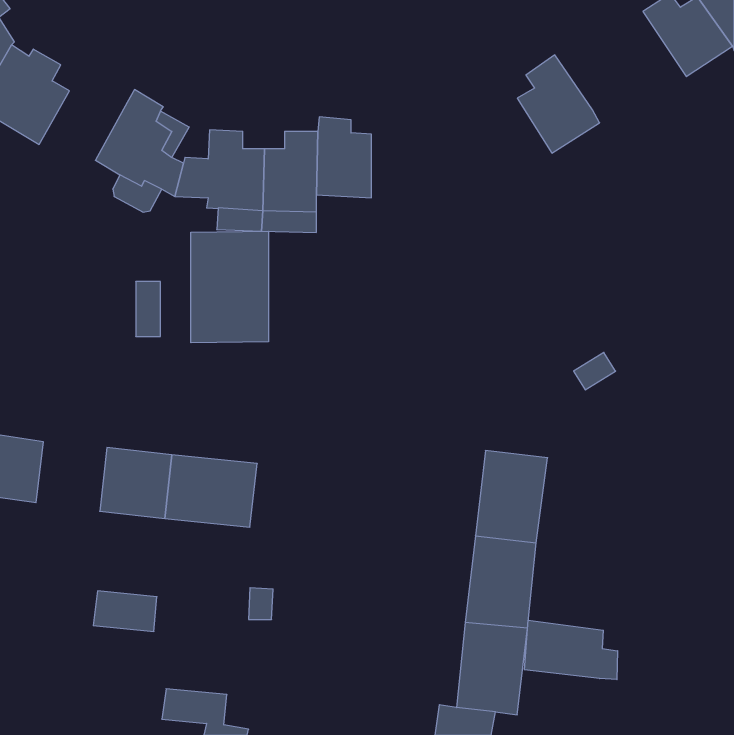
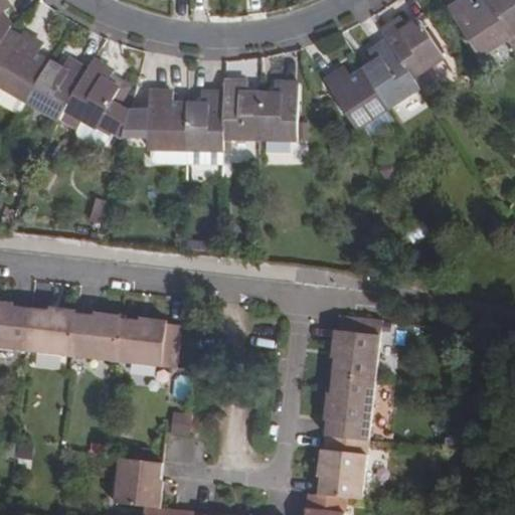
building: none -> [381,17,443,76]
building: none -> [27,60,89,121]
building: none -> [324,67,384,127]
building: none -> [259,83,296,138]
building: [191,231,268,343] -> none
building: none -> [25,308,74,356]
building: [93,591,157,631] -> [116,456,160,484]
building: [524,620,618,680] -> none

